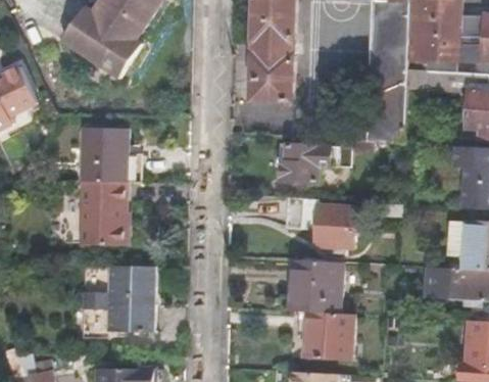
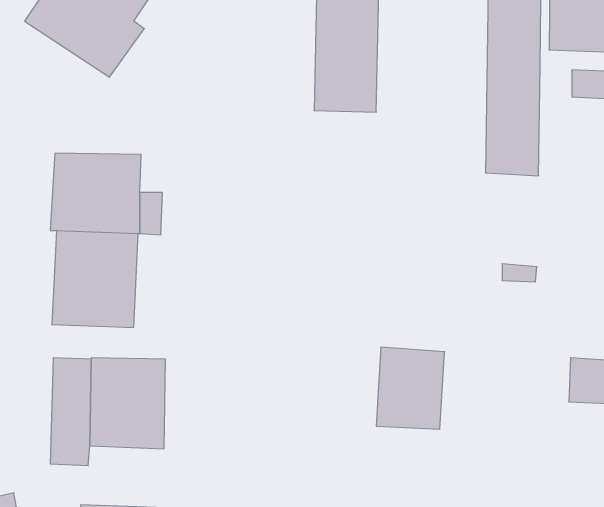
building: [280,144,334,185] -> none
building: [286,198,355,248] -> none
building: [295,313,351,361] -> none

